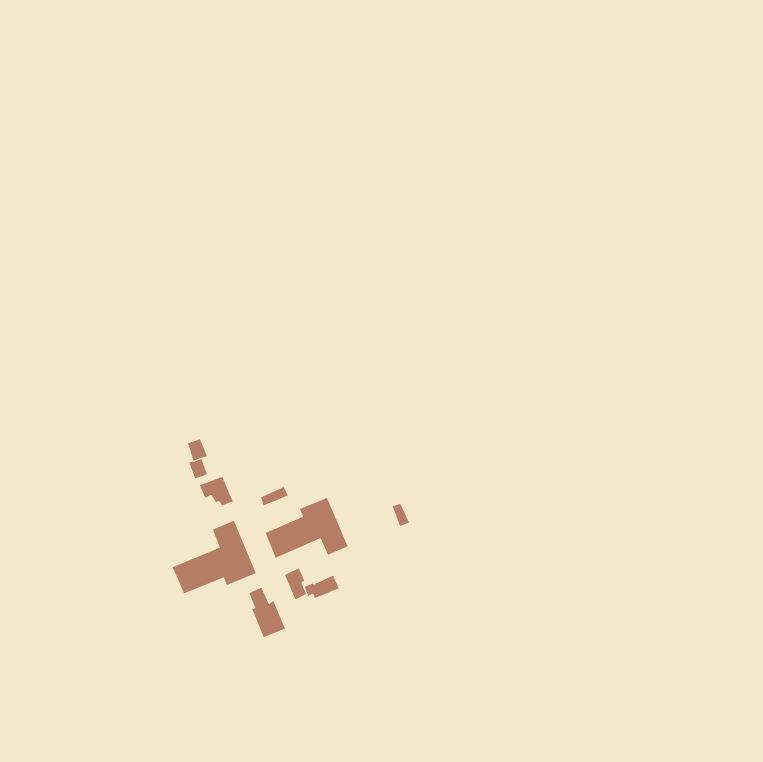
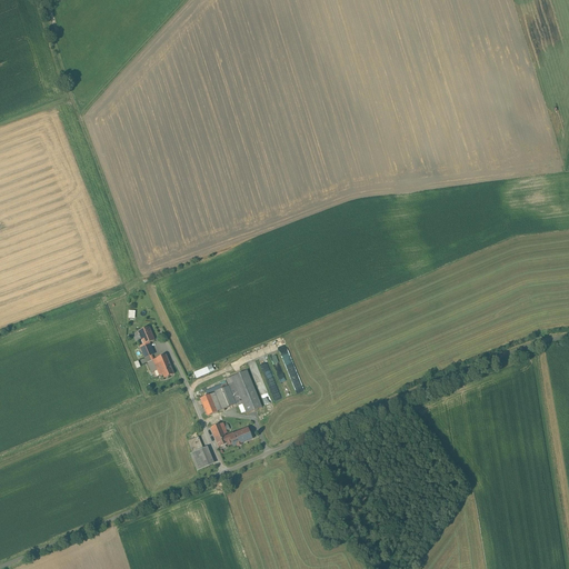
building: [172,520,257,594] -> none

